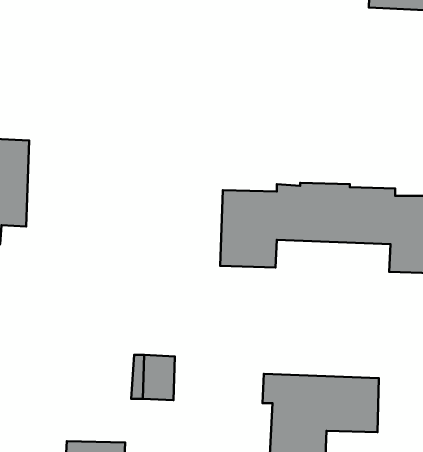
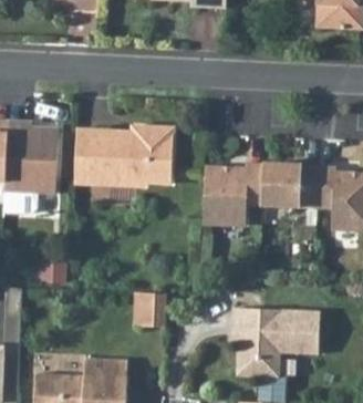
building: none -> [73,127,173,187]

